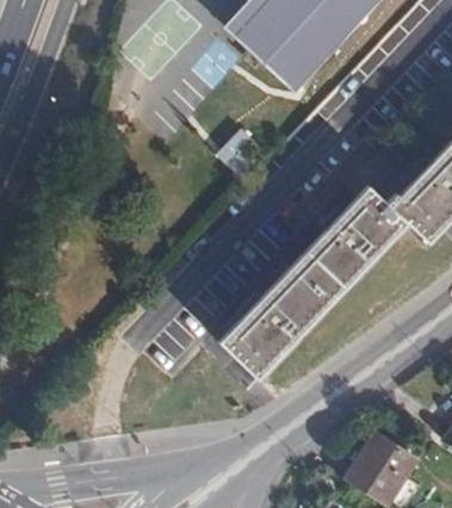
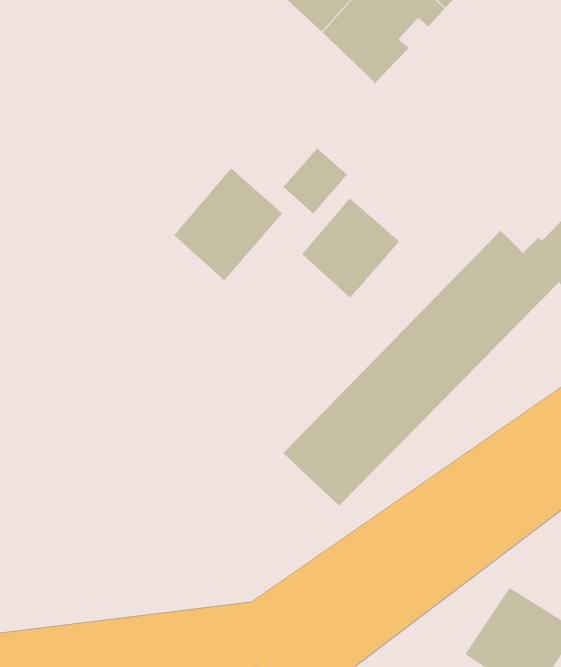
building: none -> [173,168,283,281]
building: none -> [301,197,400,299]

